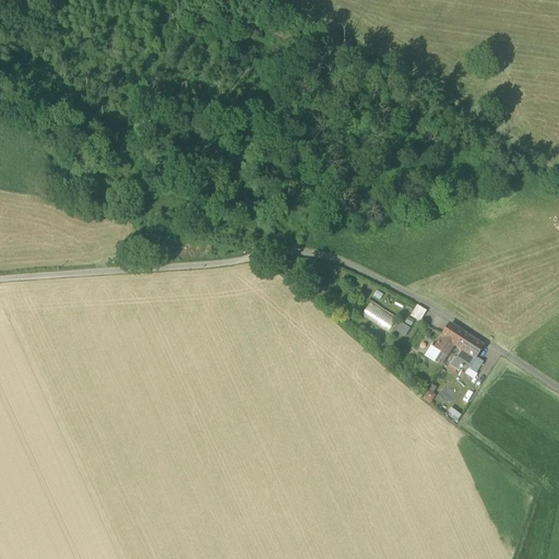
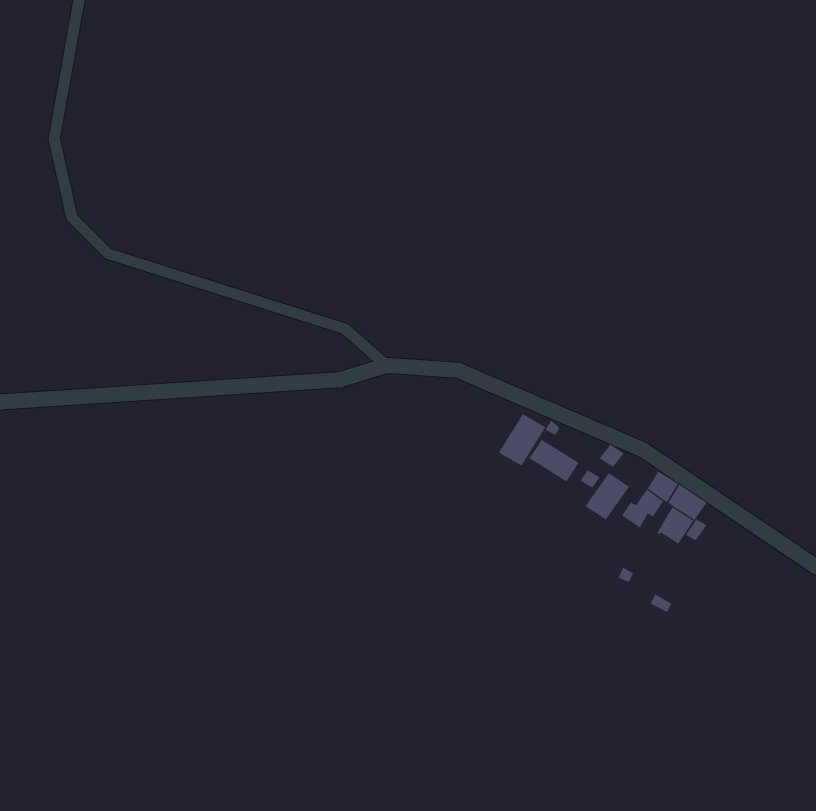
building: none -> [498,413,546,466]
building: none -> [585,472,630,521]

